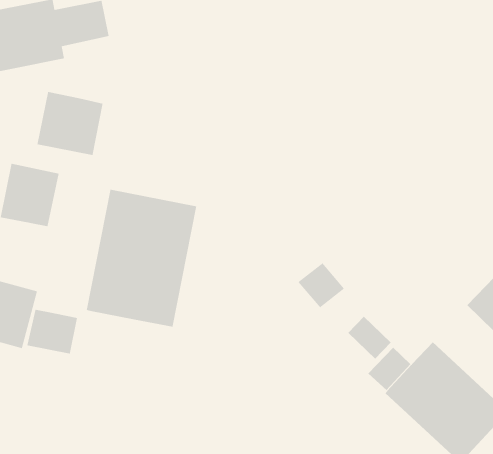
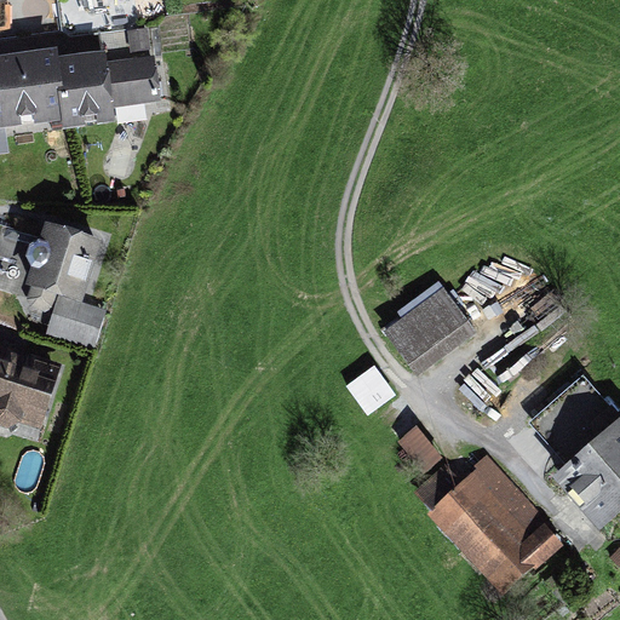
building: [37,91,103,156] -> none
building: [86,189,197,328] -> none
building: none -> [381,288,472,374]
building: [27,309,78,354] -> [46,293,104,345]

